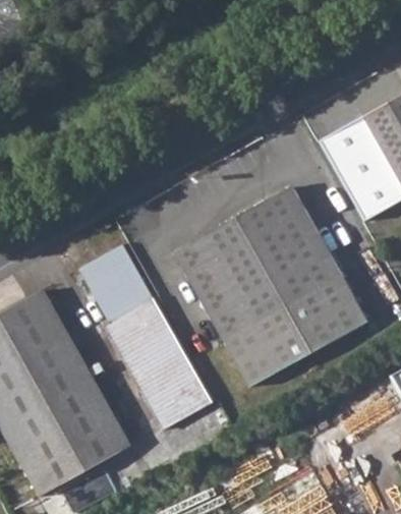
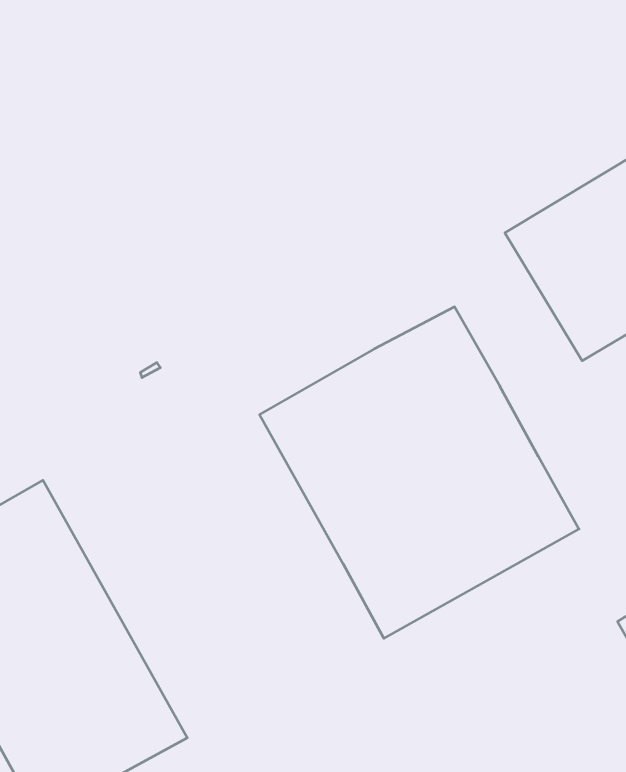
building: [81,245,212,431] -> none

